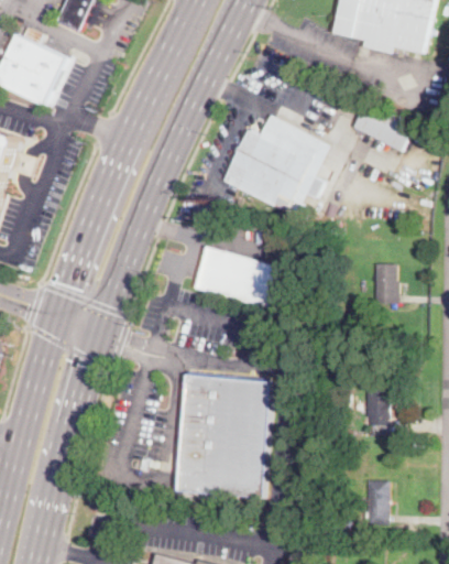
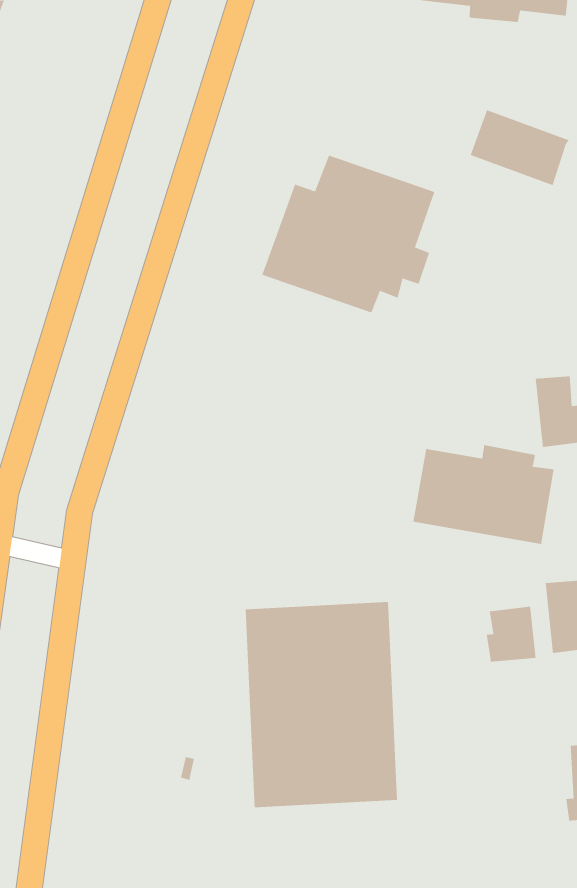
building: [194,246,281,311] -> [413,445,555,545]
building: none -> [486,606,536,662]

